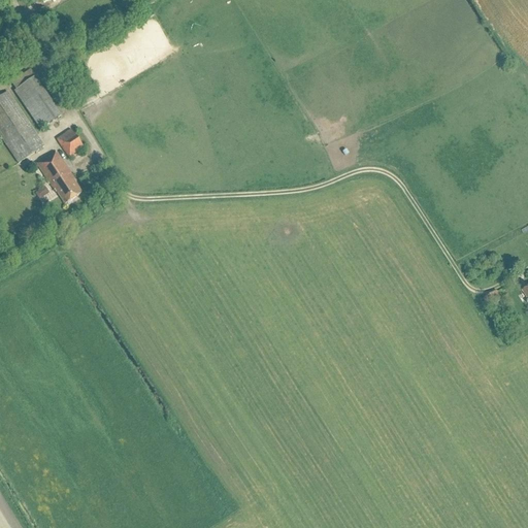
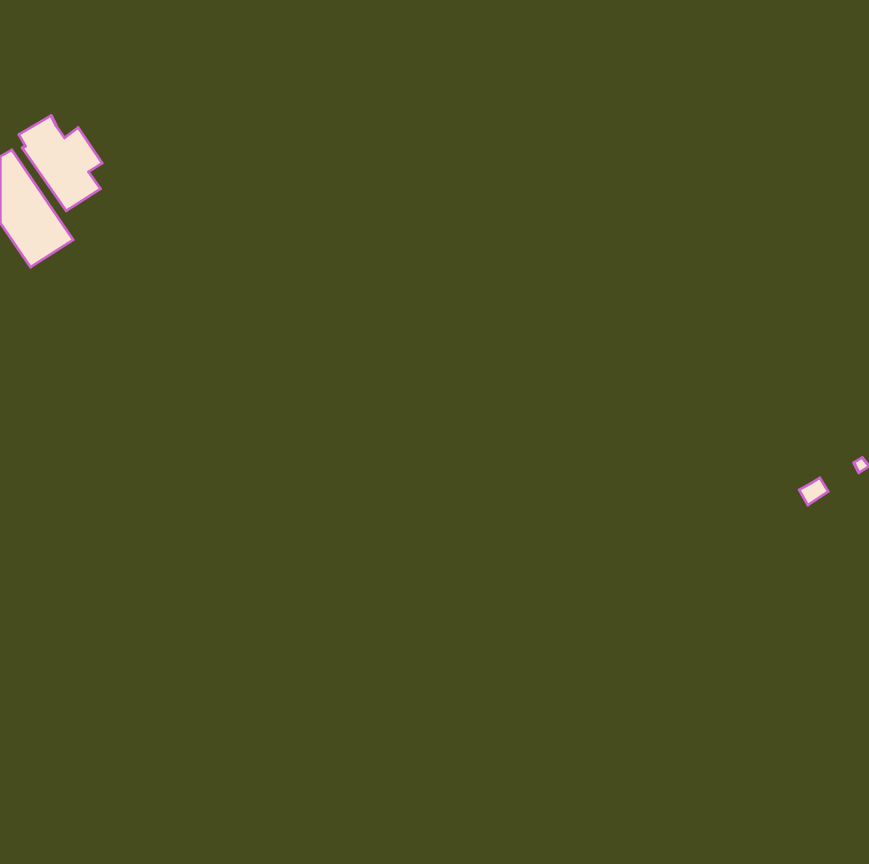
building: [56,128,84,158] -> none
building: [36,151,81,203] -> none

